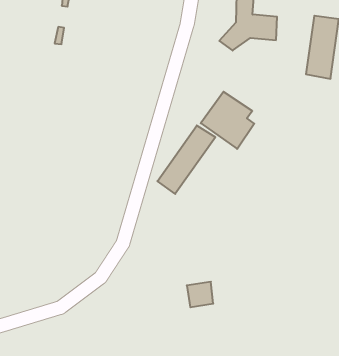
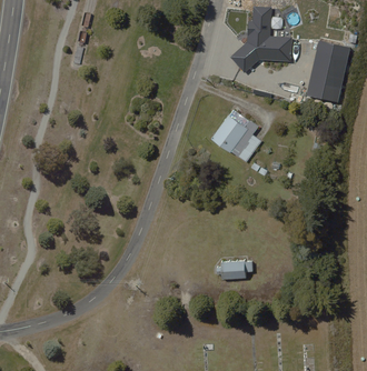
building: [157,125,215,194] -> none
building: [187,282,213,307] -> [221,258,246,281]

